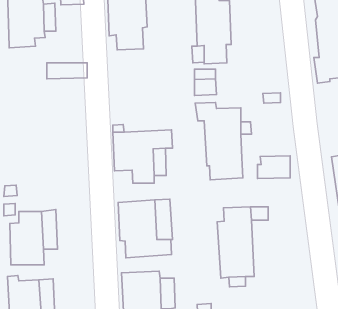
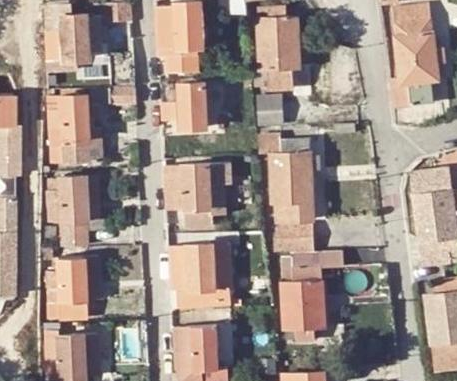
building: none -> [161,83,206,129]
building: none -> [47,95,101,162]
building: none -> [46,176,99,245]
building: [258,156,290,179] -> [275,224,312,250]

